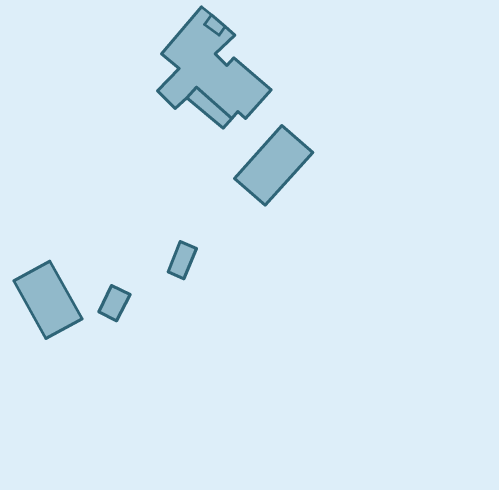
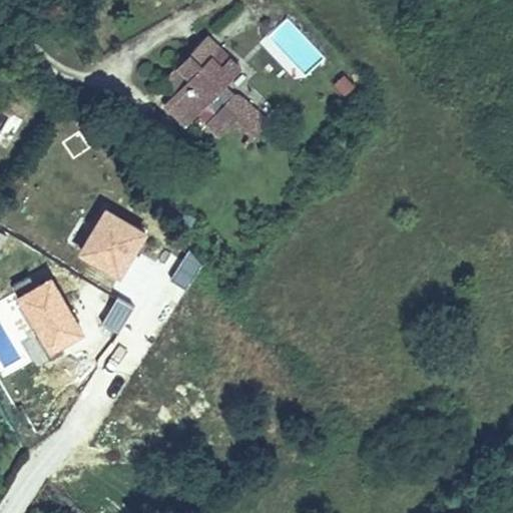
building: [235,126,313,205] -> none
building: none -> [76,208,148,282]

